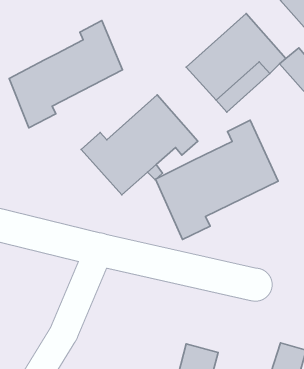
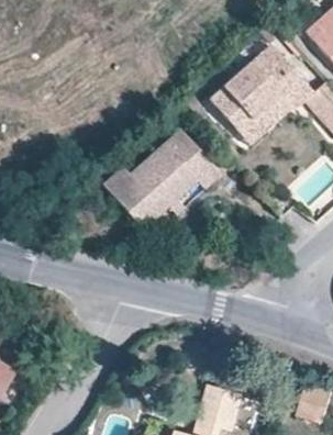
building: [9,20,122,128] -> none
building: [156,120,278,240] -> none

